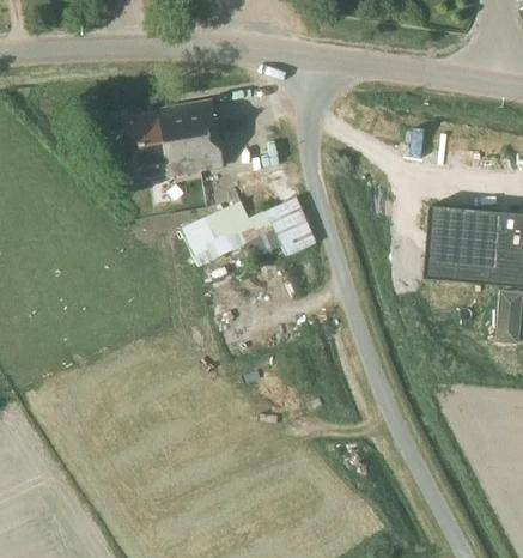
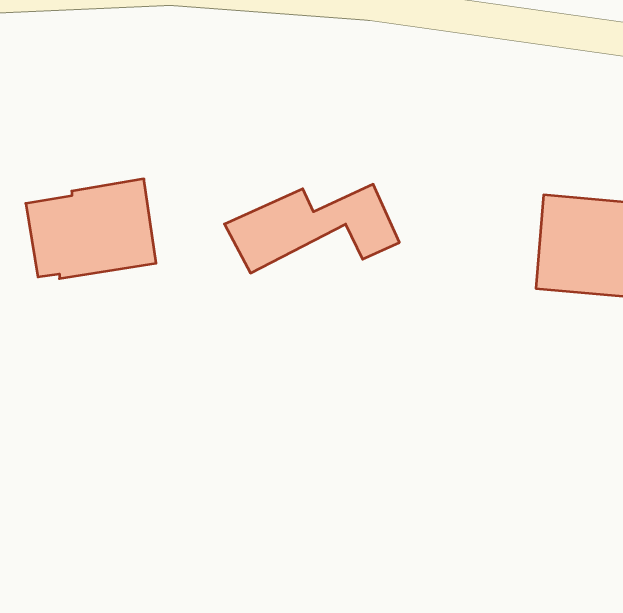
building: [123,98,225,176] -> [26,179,156,279]

